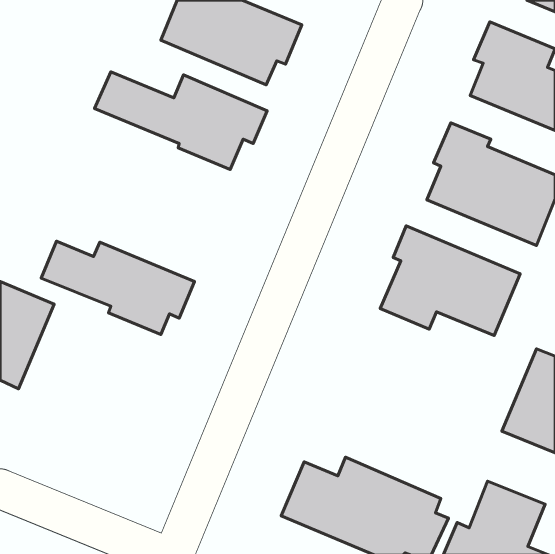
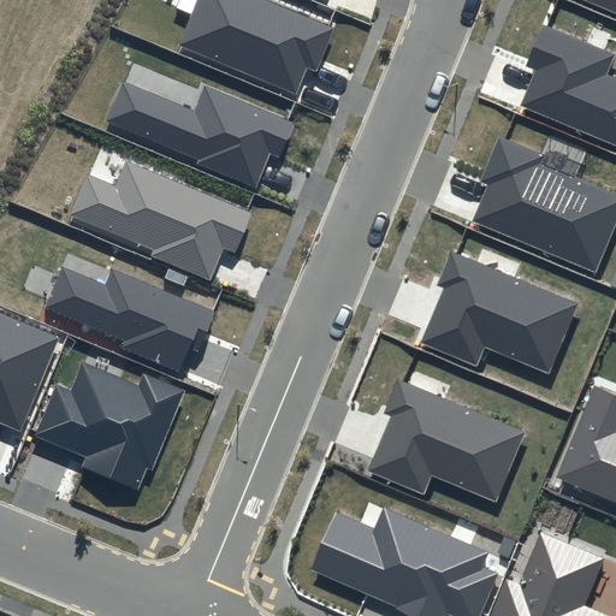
building: none -> [70,160,251,280]
building: none -> [36,362,185,491]
building: none -> [367,379,525,503]

